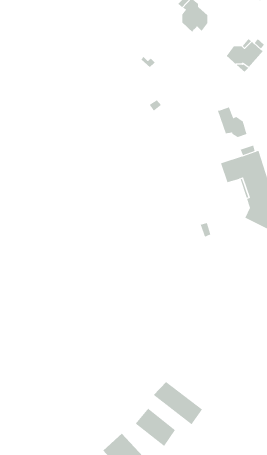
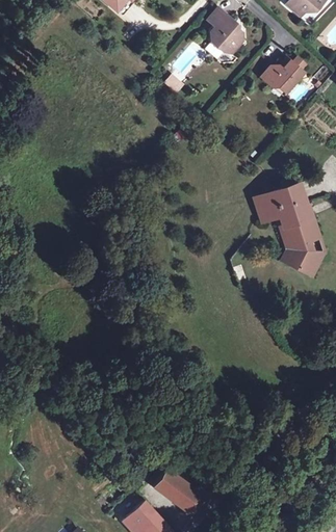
building: [217,106,247,138] -> none
building: [153,381,203,425] -> none

